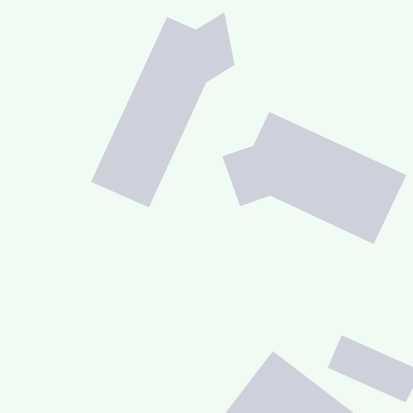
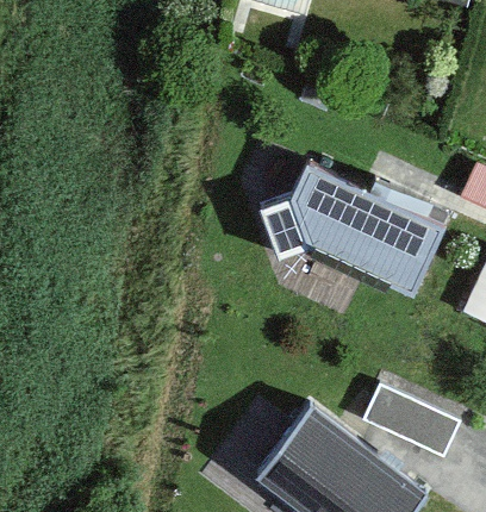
building: [90,11,235,208] -> none

